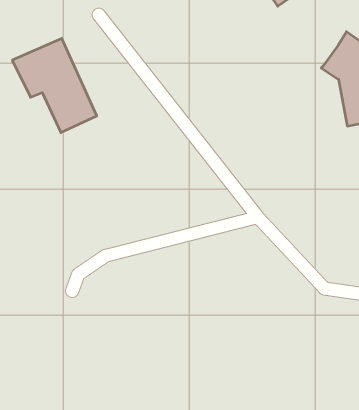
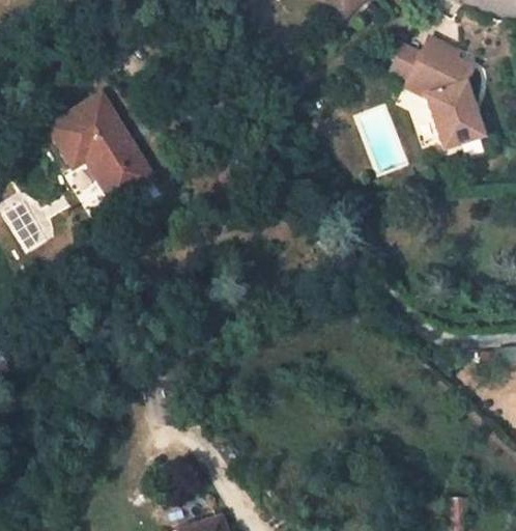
building: none -> [381,43,420,81]

